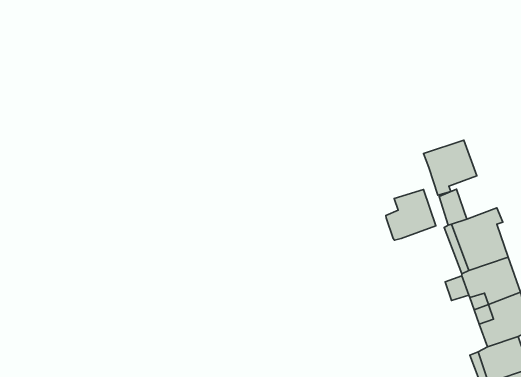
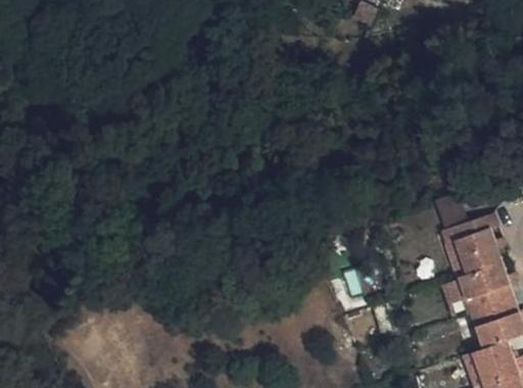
building: [423,140,477,195] -> none
building: [386,190,436,240] -> none

